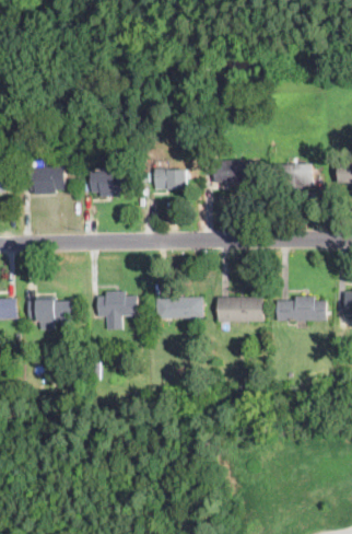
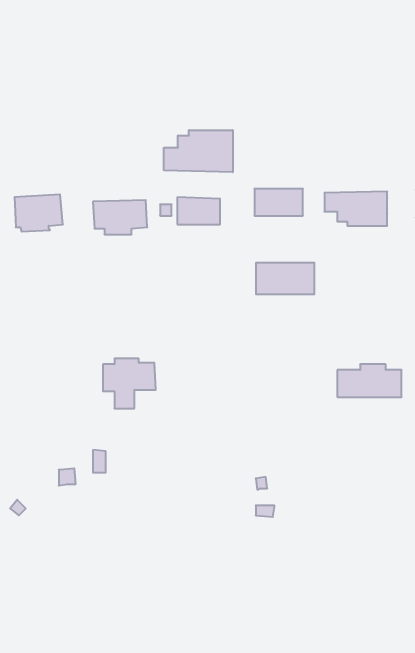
building: none -> [164,130,233,172]
building: [155,298,201,320] -> none
building: [216,298,261,322] -> [256,263,314,294]
building: [25,299,71,334] -> none

